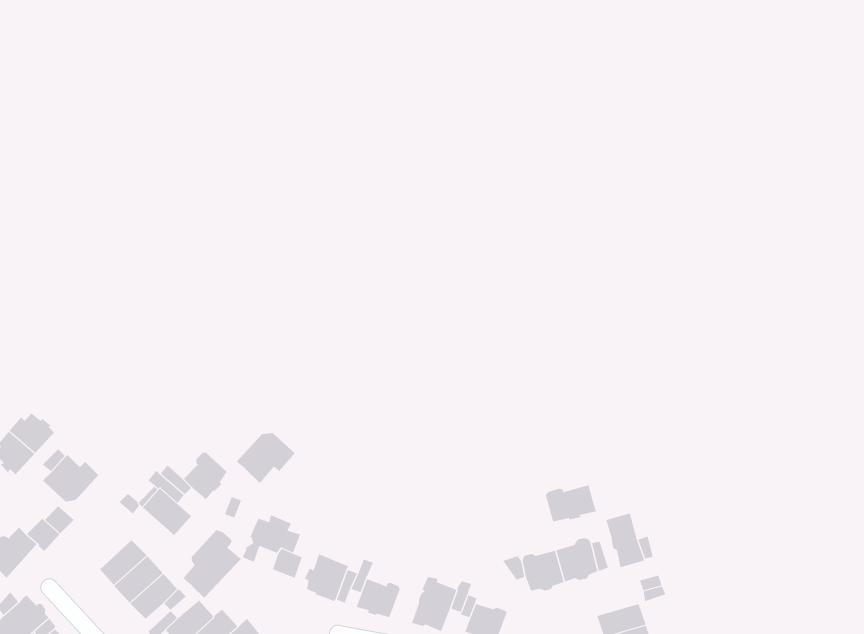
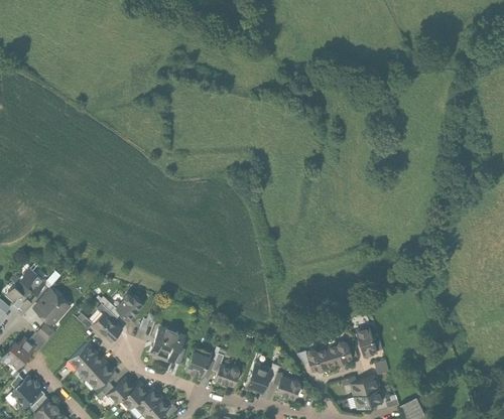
building: [236,433,295,484] -> none
building: [545,484,596,522] -> none
building: [183,530,242,600] -> none

